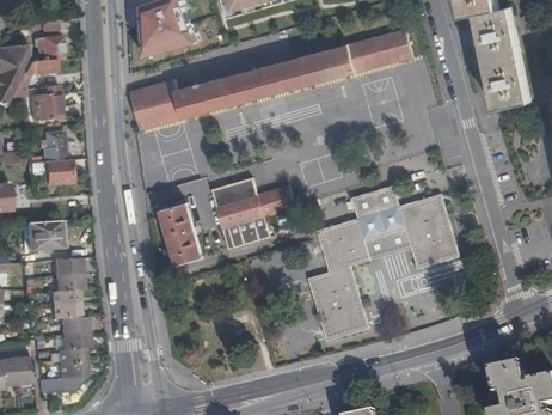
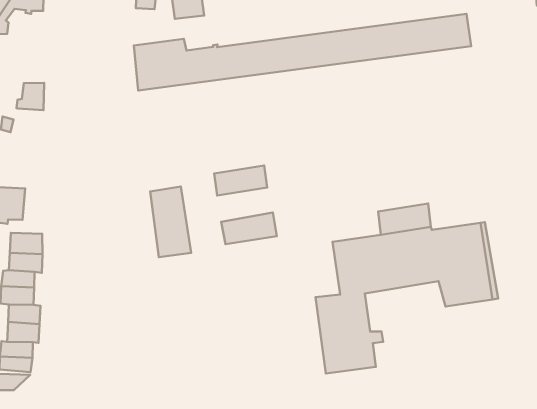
building: [32,85,62,121] -> none
building: [43,160,68,183] -> none
building: [216,185,295,228] -> none

